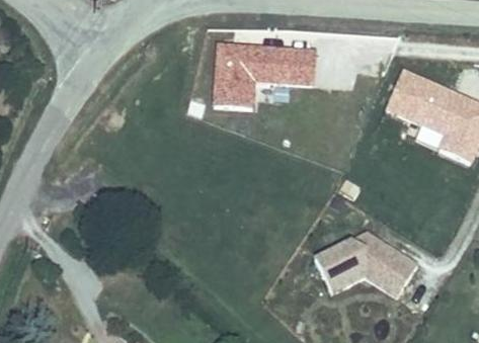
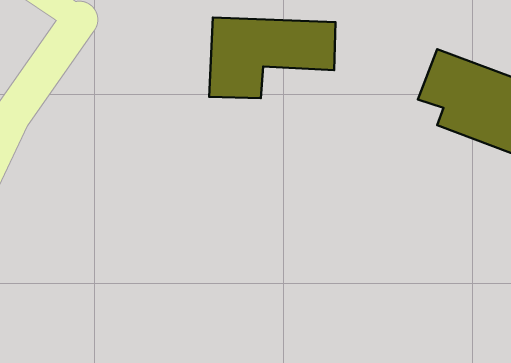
building: [316,234,419,302] -> none

